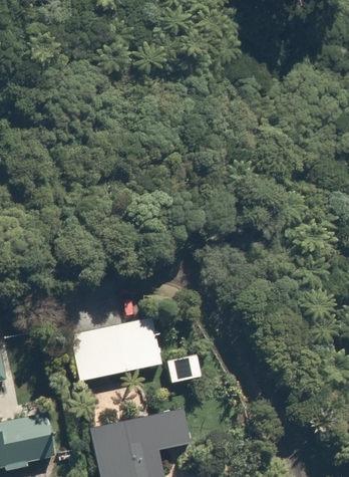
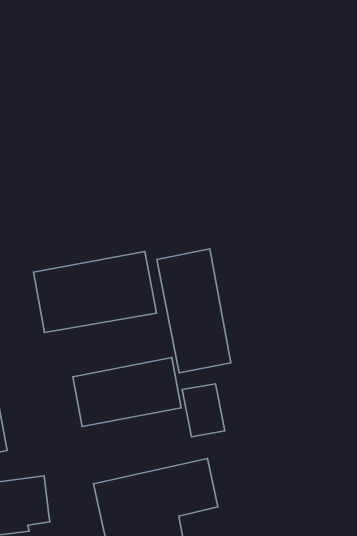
building: none -> [157,249,231,373]
building: none -> [33,251,157,333]

